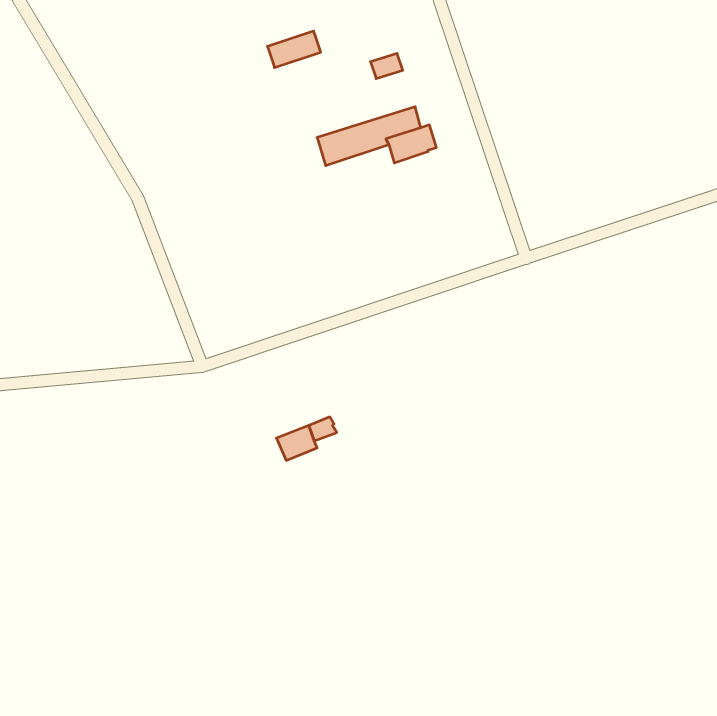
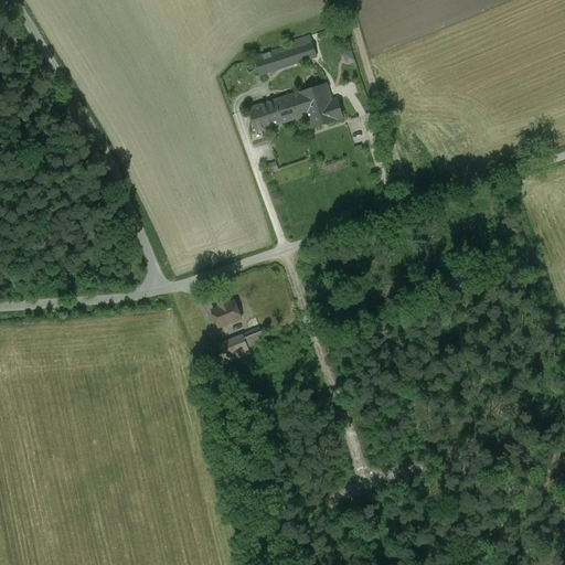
building: [267,31,321,68] -> [254,45,296,74]
building: none -> [212,296,242,327]

